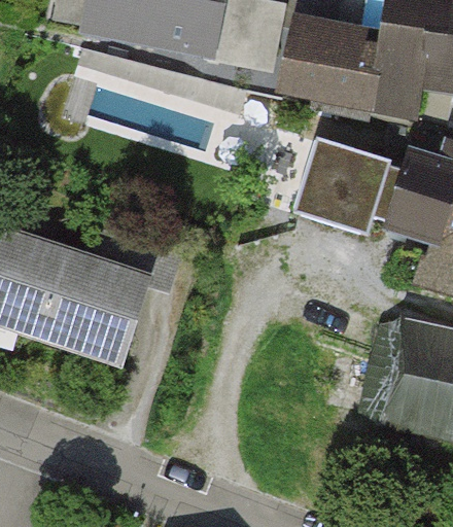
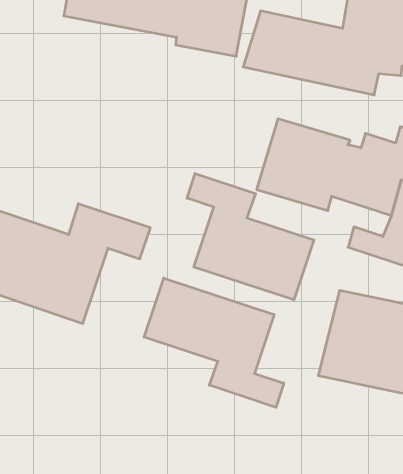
building: none -> [187,173,314,300]
building: none -> [144,278,284,407]

